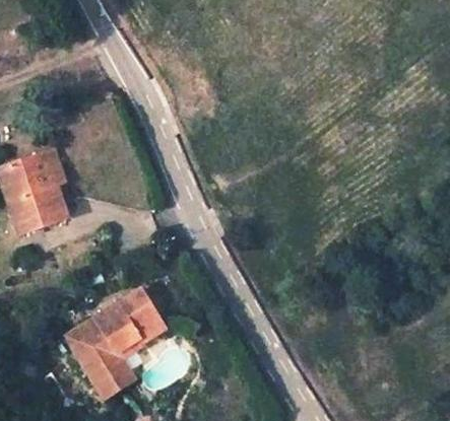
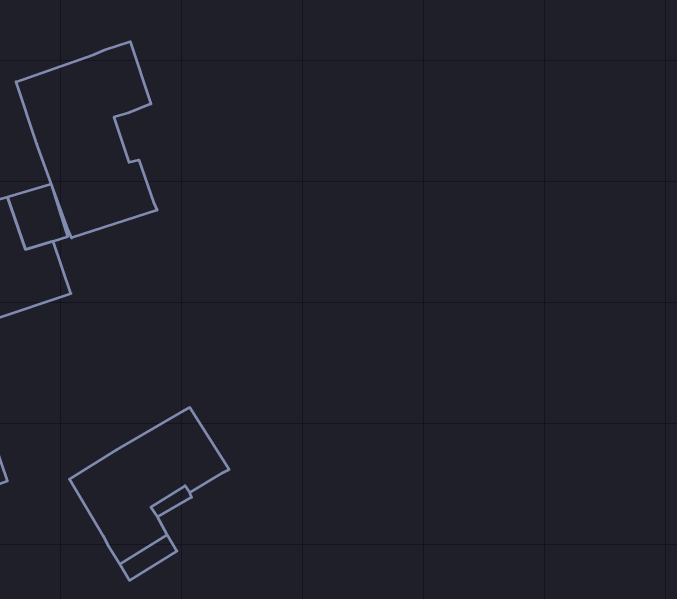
building: none -> [16,42,157,238]

